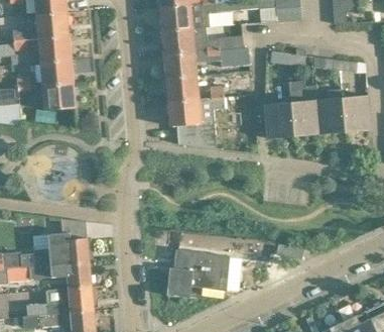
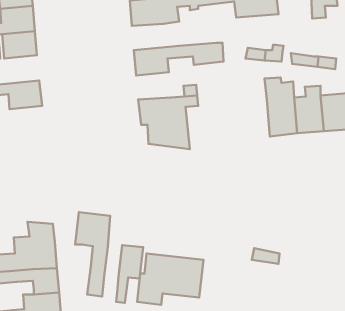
building: [161,27,220,54] -> none
building: [39,60,73,87] -> none
building: [165,76,199,102] -> none
building: [265,102,293,139] -> none
building: none -> [75,212,110,296]
building: none -> [116,245,143,303]

